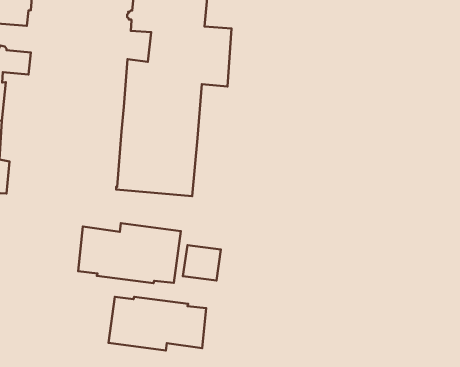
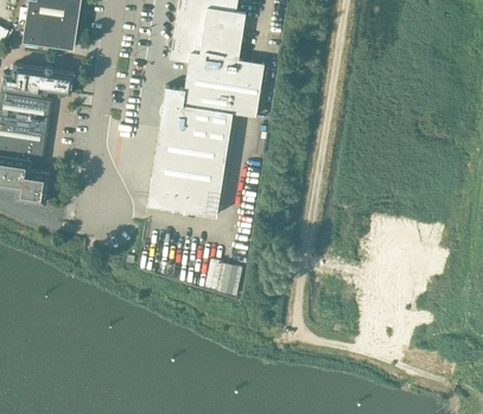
building: [78,223,181,283] -> none
building: [109,297,206,351] -> none

